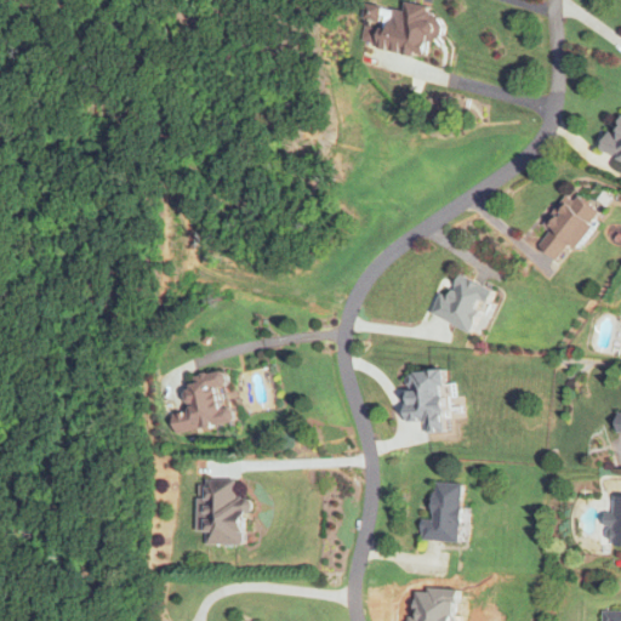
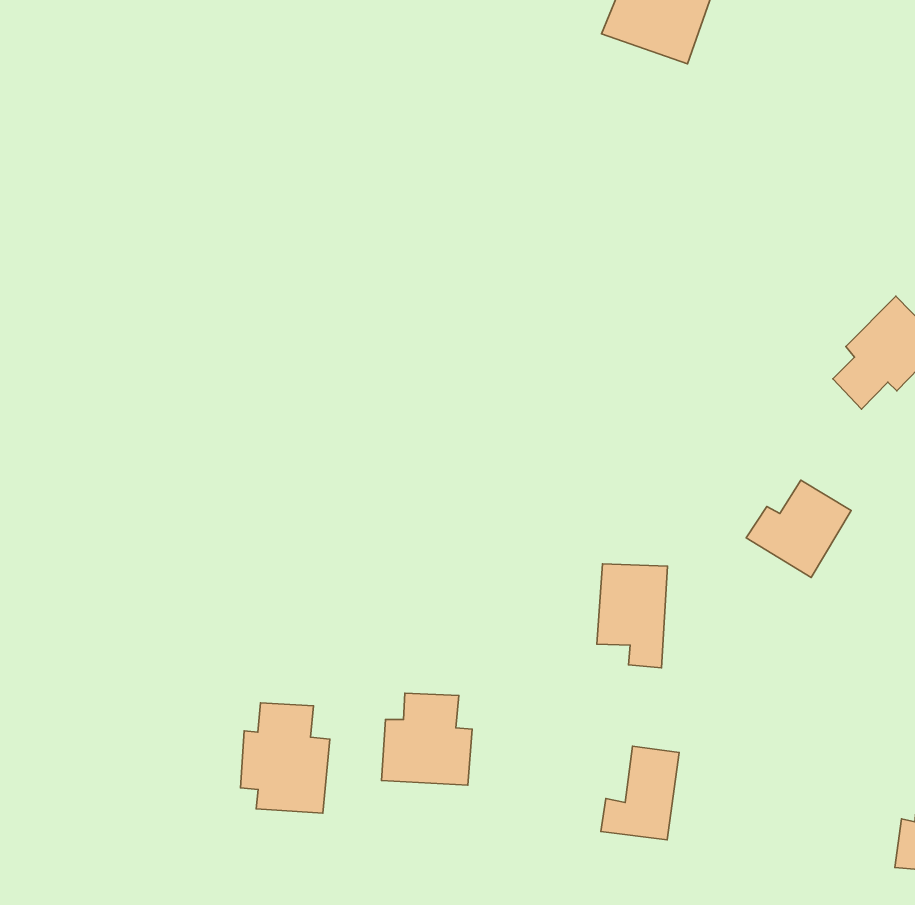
building: [428,274,491,334] -> [746,480,851,578]
building: [169,370,229,431] -> none
building: none -> [382,693,472,785]

